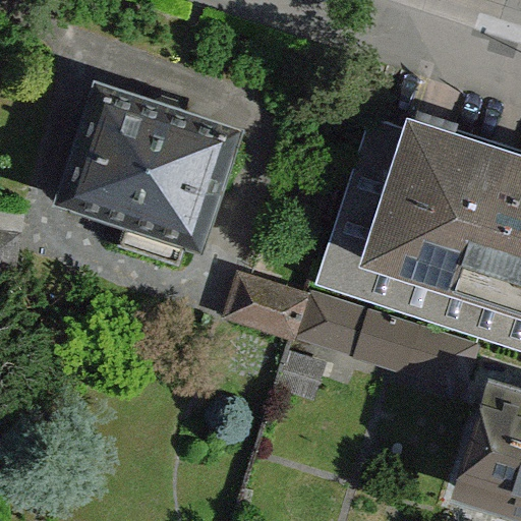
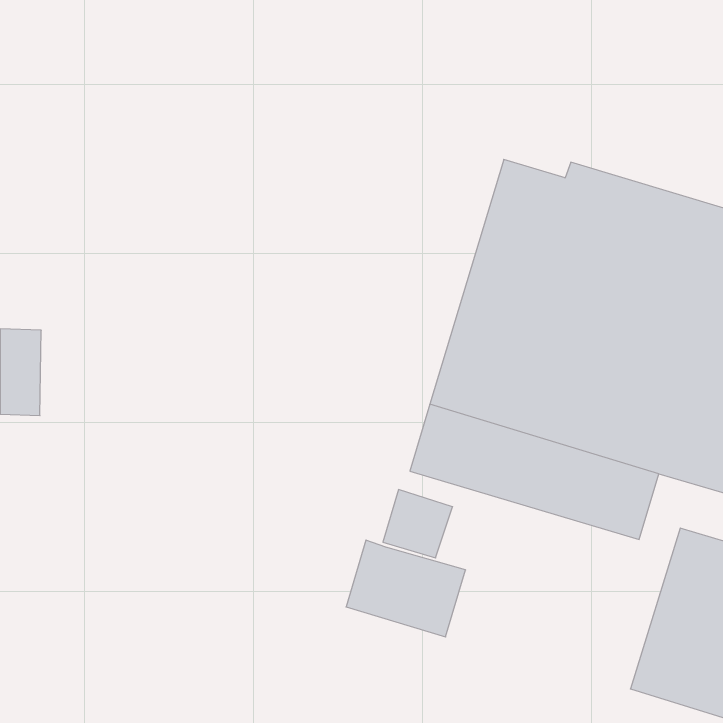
building: [57,84,241,251] -> none
building: [225,271,310,340] -> [346,540,466,637]

